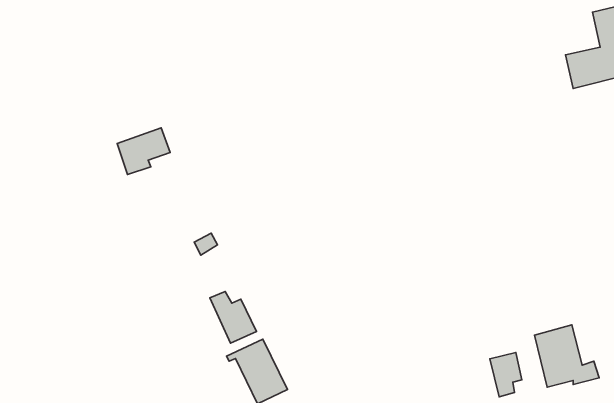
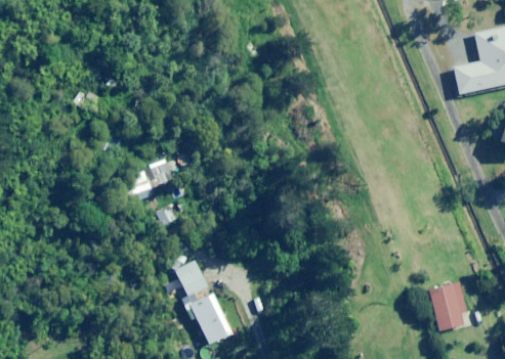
building: [117,128,170,174] -> [134,162,176,198]
building: [490,352,522,397] -> none

